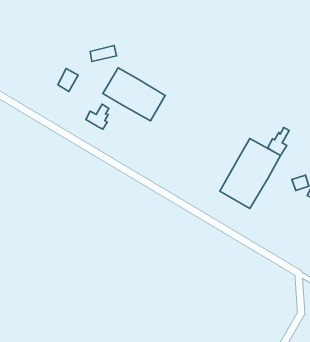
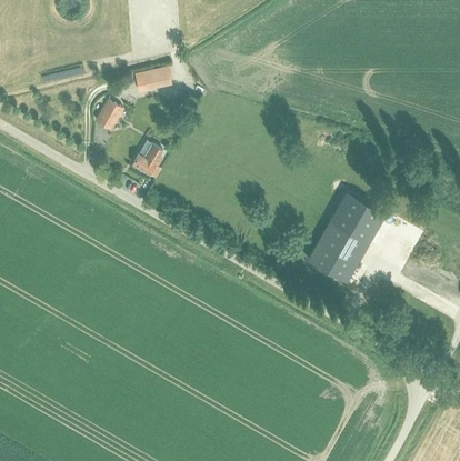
building: [103,68,165,121] -> none
building: [268,128,289,155] -> none

